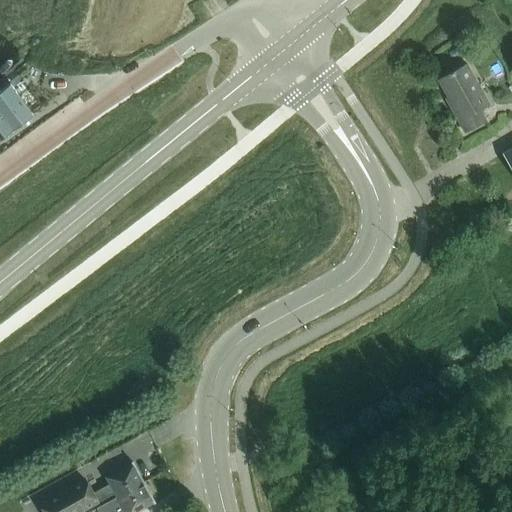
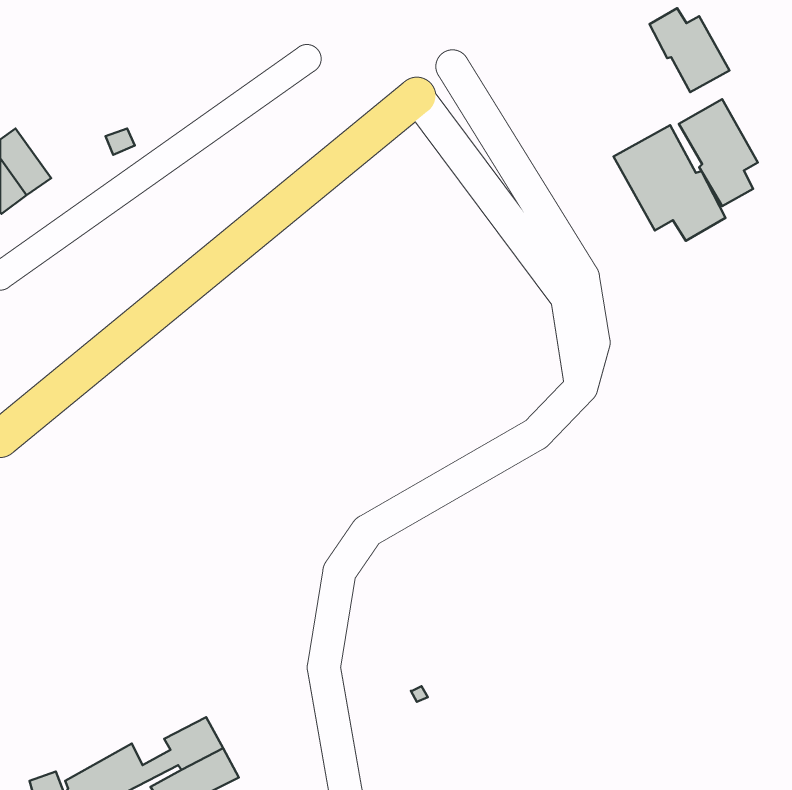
building: none -> [649,8,730,92]
building: none -> [613,125,726,241]

